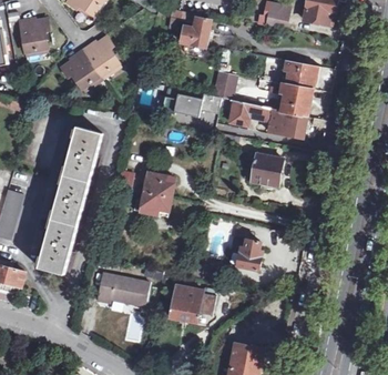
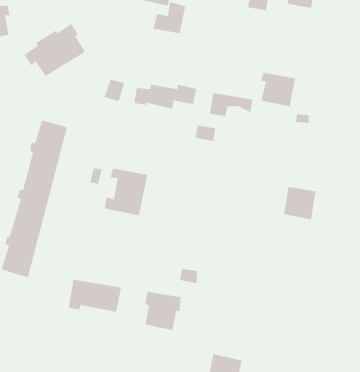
building: [284,55,317,85] -> none
building: [212,68,235,97] -> none
building: [268,105,307,134] -> none
building: [252,151,283,182] -> [283,187,317,220]
building: [238,235,263,267] -> none

